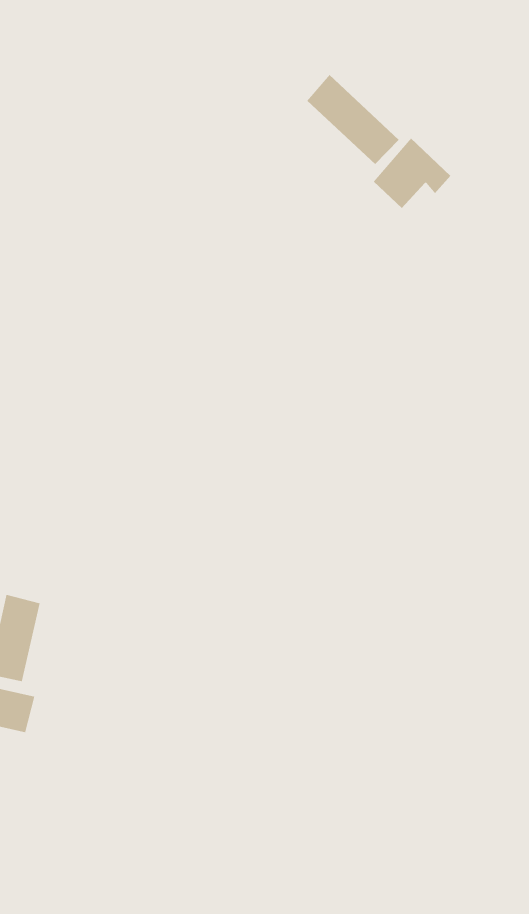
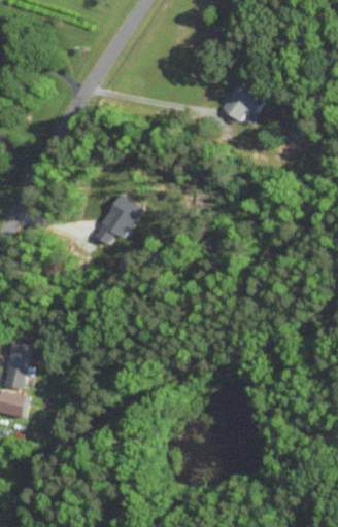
building: [307,74,399,165] -> none
building: none -> [96,195,143,245]

